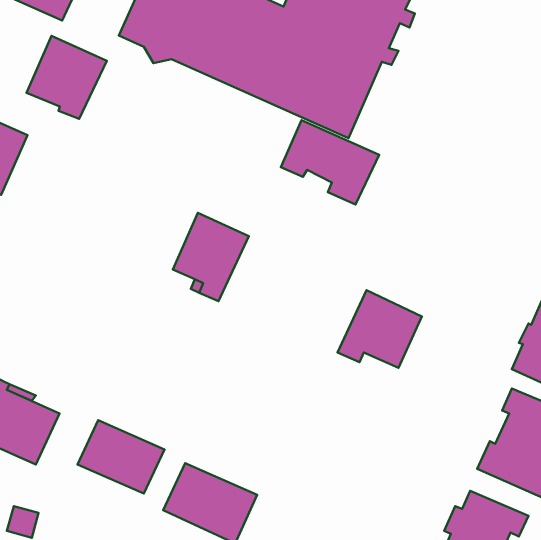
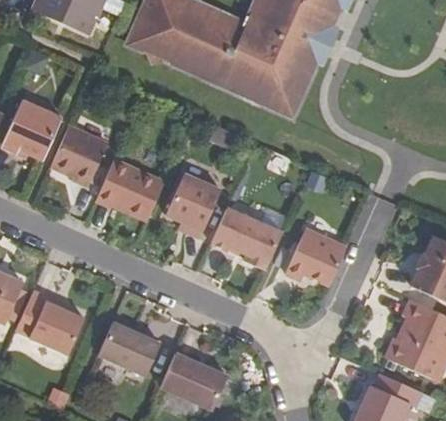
building: [27,36,107,119] -> [50,125,108,185]
building: [281,120,379,204] -> [211,208,282,269]
building: none -> [96,158,164,218]

